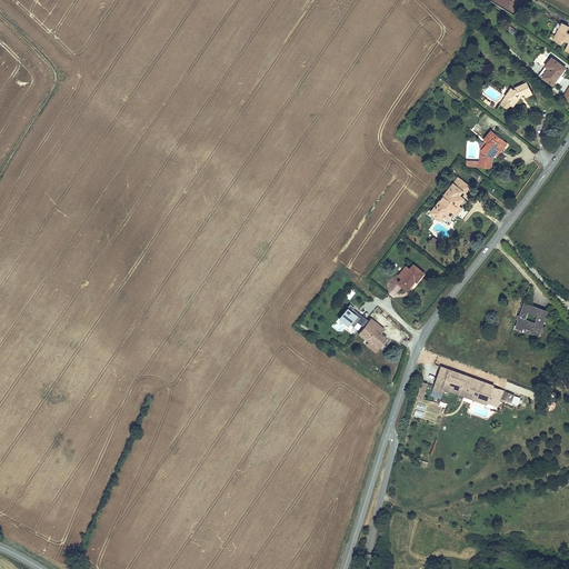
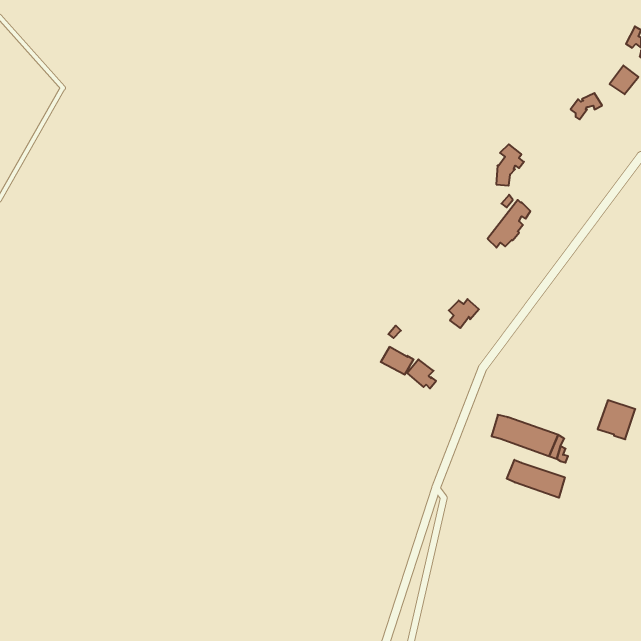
building: [479,131,503,168] -> [496,144,524,186]
building: [515,302,548,337] -> [598,400,635,439]
building: none -> [507,460,565,498]

